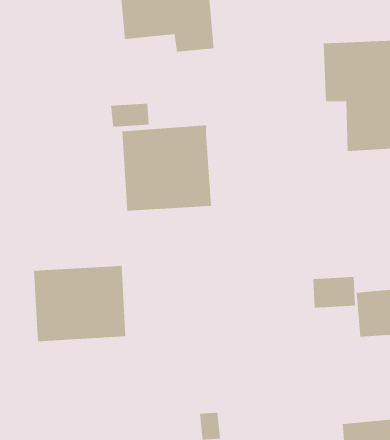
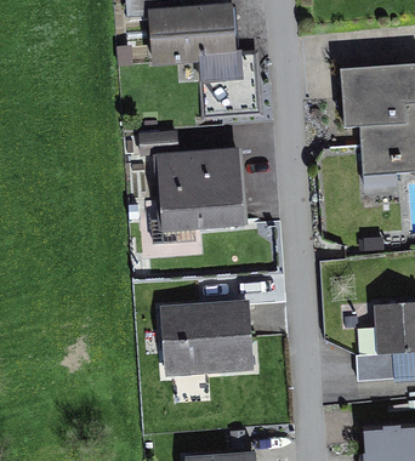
building: [33,265,126,342] -> [161,300,250,372]
building: [312,276,356,308] -> [356,352,397,382]

